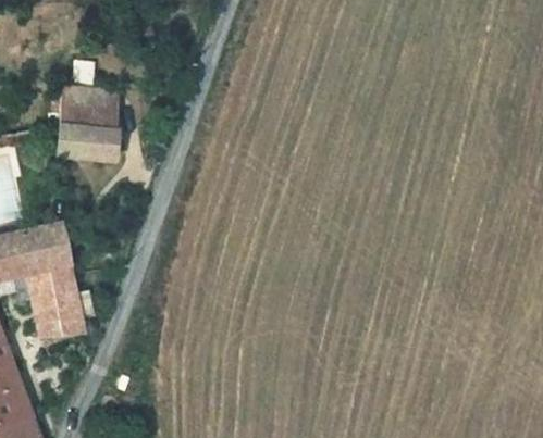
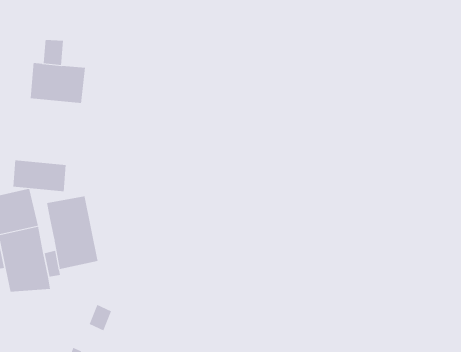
building: [58,124,116,159] -> [13,160,67,192]
building: none -> [46,195,98,270]

